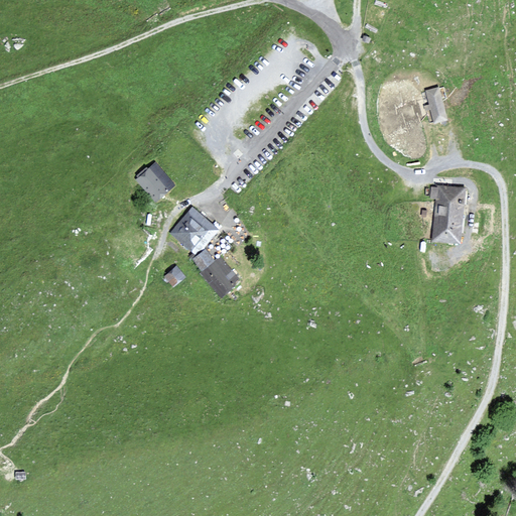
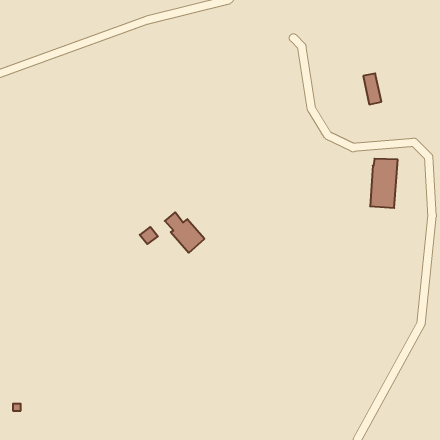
building: [135,163,173,201] -> none
building: [169,206,217,253] -> none

